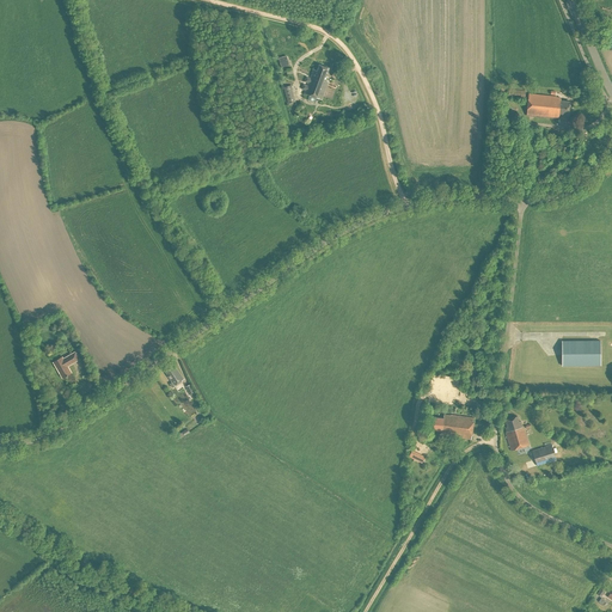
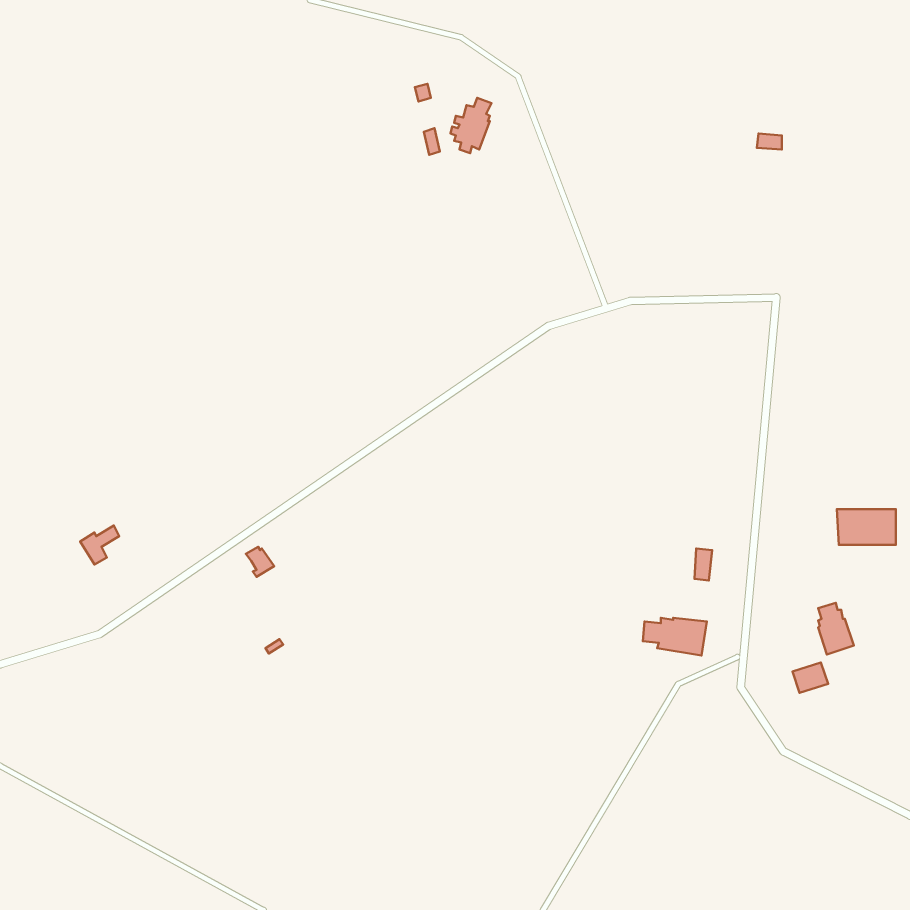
building: [526,93,570,118] -> none
building: [506,416,530,451] -> [818,603,854,654]

